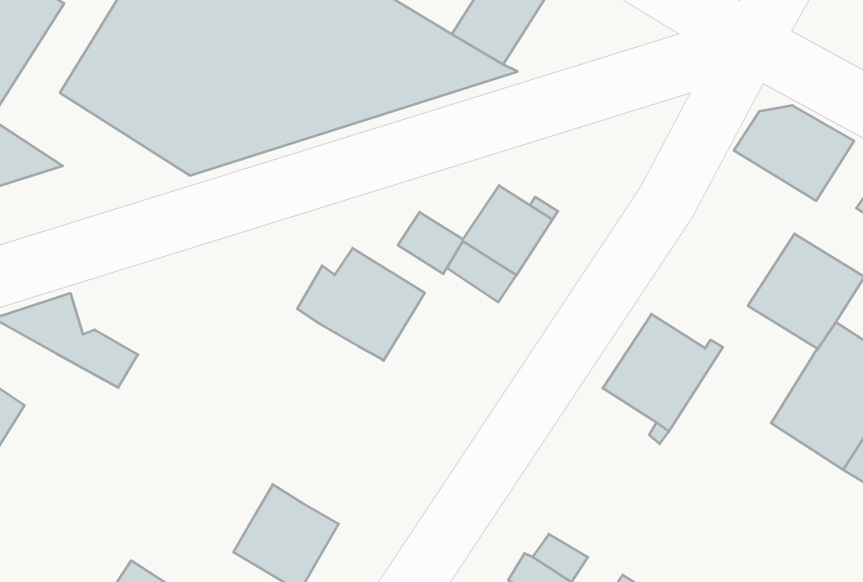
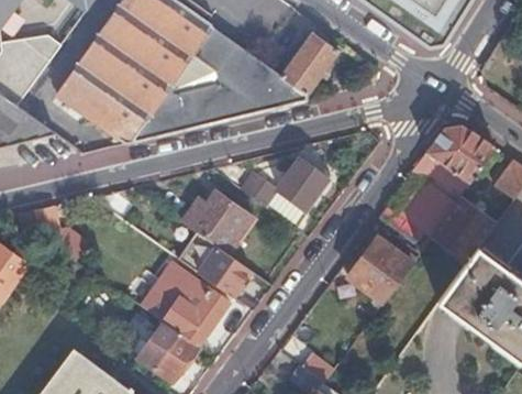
building: none -> [399,147,474,237]
building: none -> [178,230,251,294]
building: none -> [141,260,226,341]

